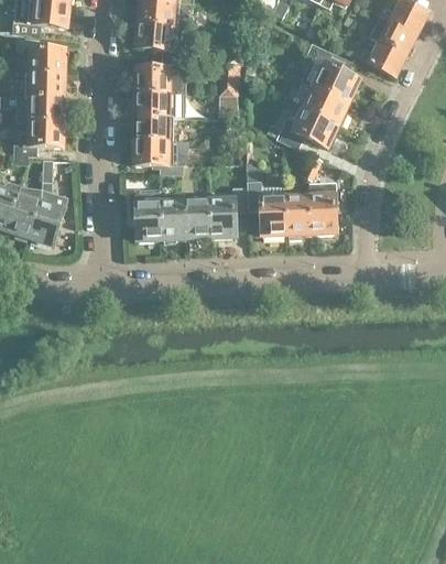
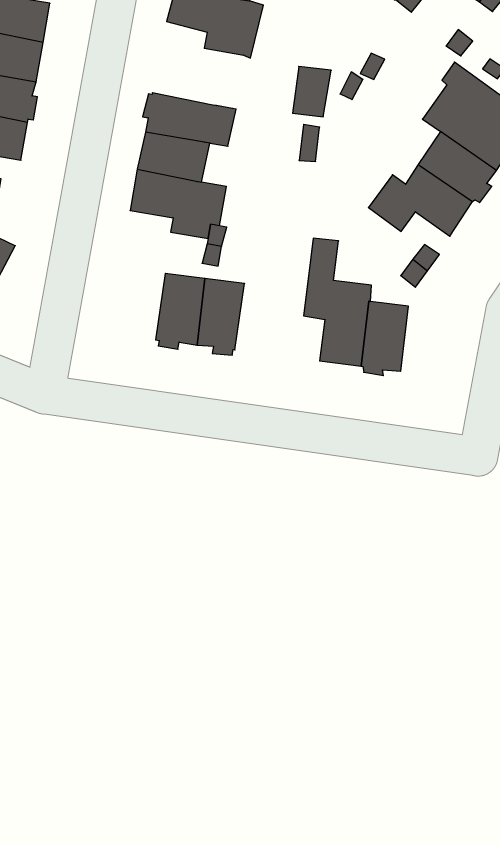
building: [134,59,185,93] -> none
building: [309,181,336,232] -> none
building: [209,185,248,237] -> none
building: [135,188,162,240] -> none

